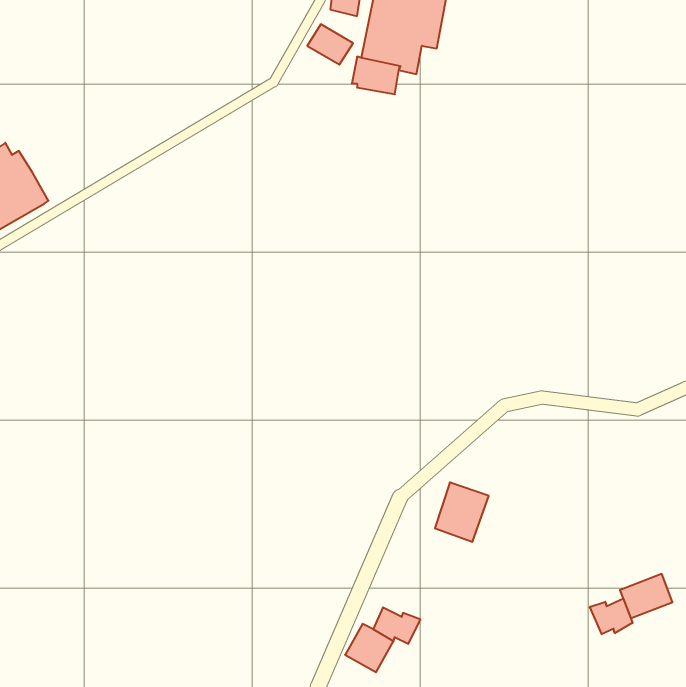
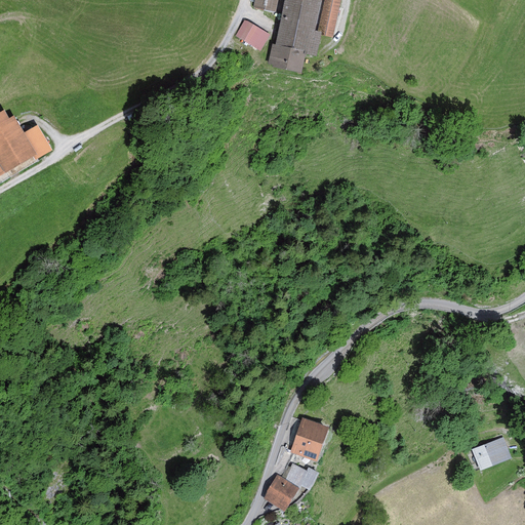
building: none -> [25,124,52,159]
building: [435,482,489,542] -> [290,416,331,461]
building: [590,599,633,634] -> none

